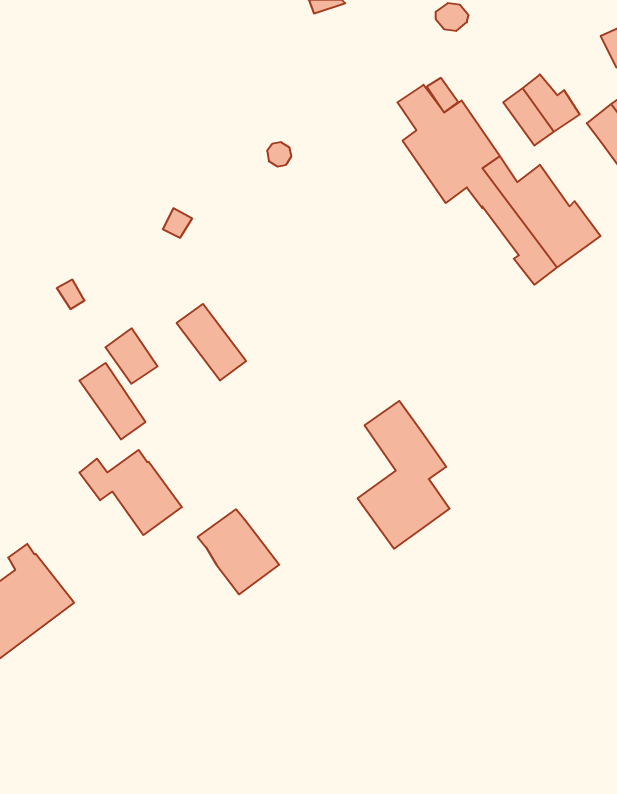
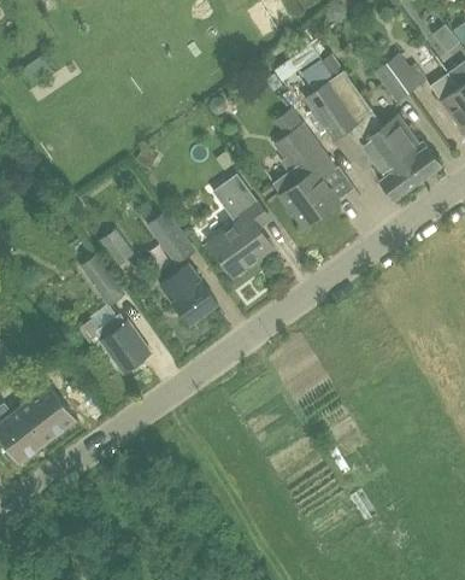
building: none -> [273,111,337,227]
building: [358,401,450,549] -> [207,175,271,277]
building: [198,509,279,594] -> [159,264,216,323]

